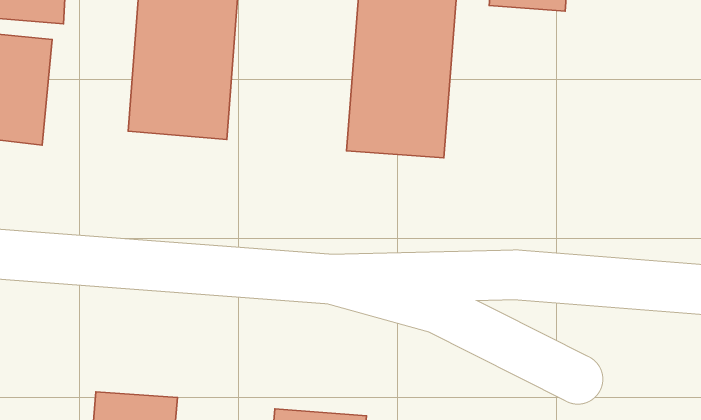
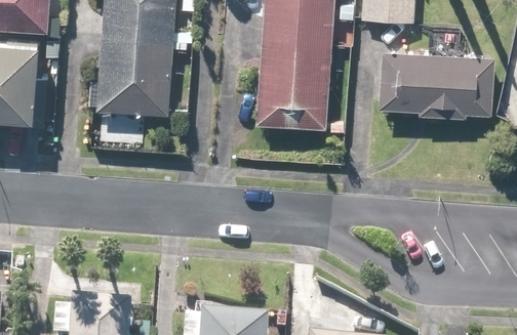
building: none -> [376,50,495,118]

